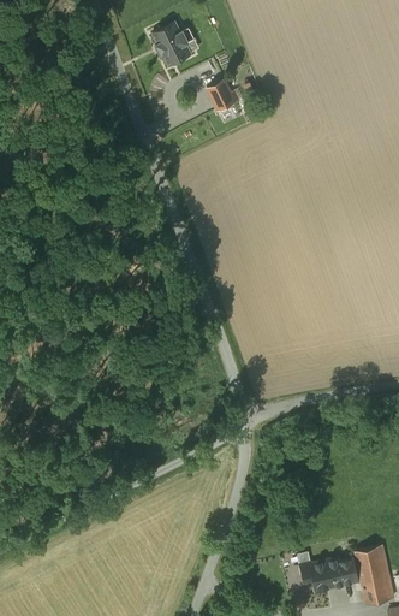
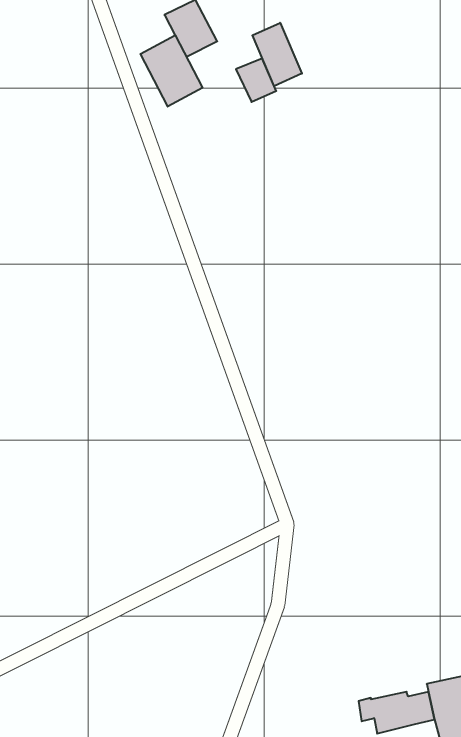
building: none -> [252,23,302,86]
building: none -> [140,35,202,107]

